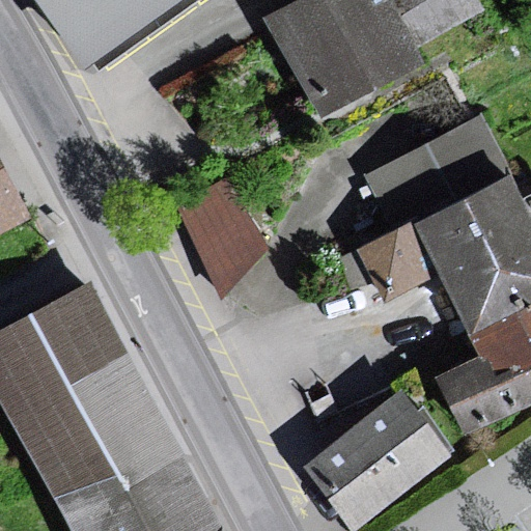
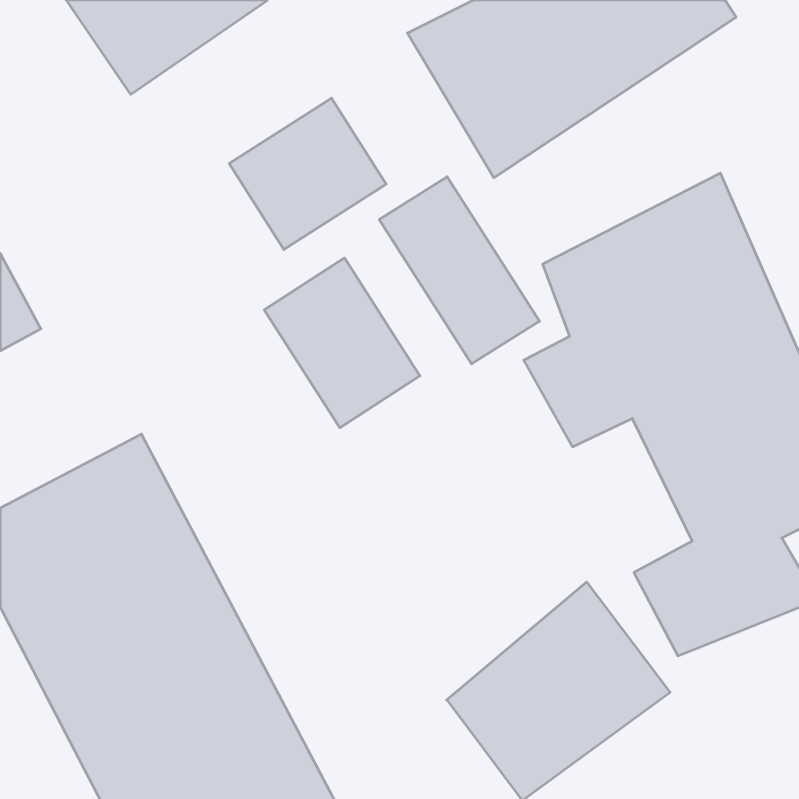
building: none -> [229,98,386,250]
building: none -> [379,177,540,364]

